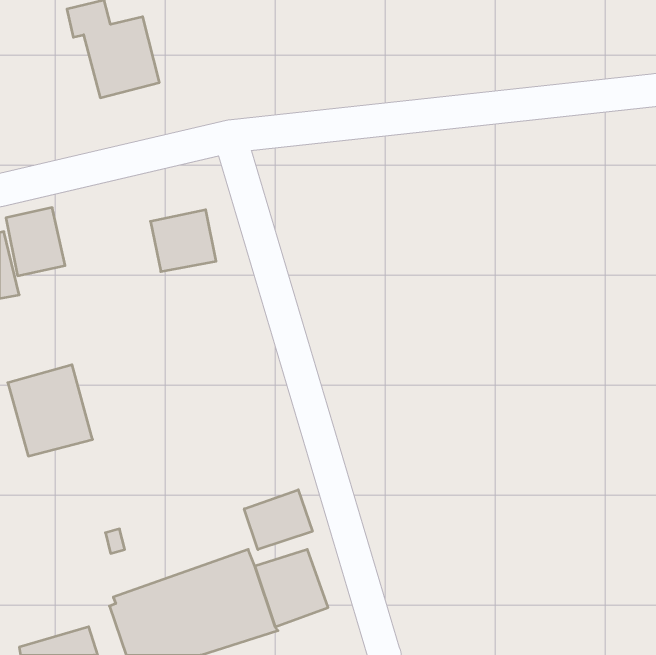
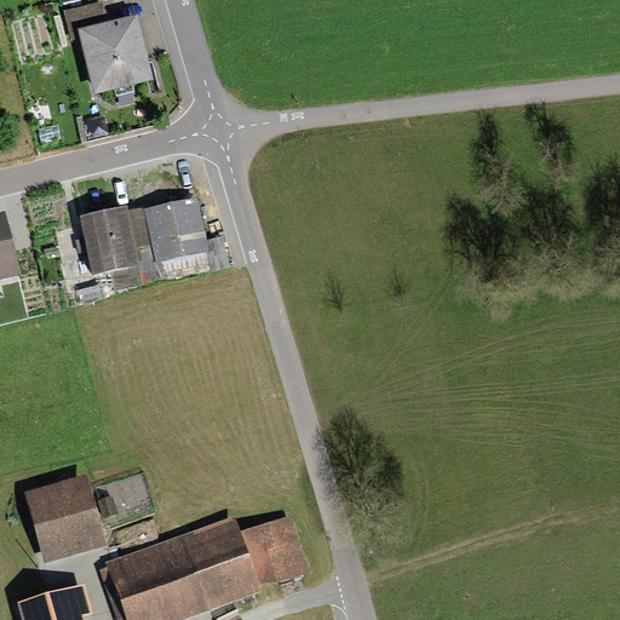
building: [6,208,65,276] -> [80,207,136,271]
building: [8,365,93,456] -> [24,477,104,563]
building: [244,490,312,550] -> none

